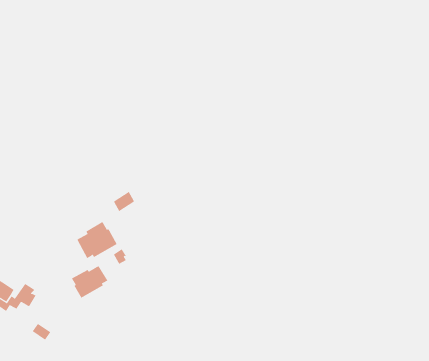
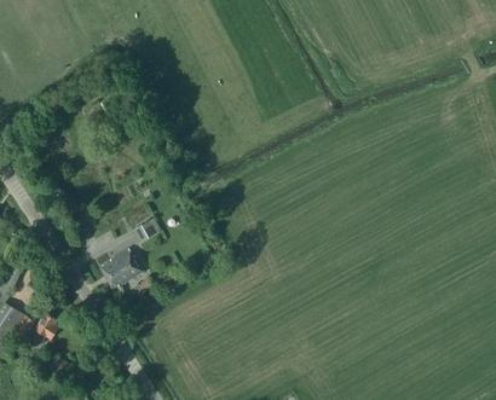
building: [71,265,108,298] -> none

